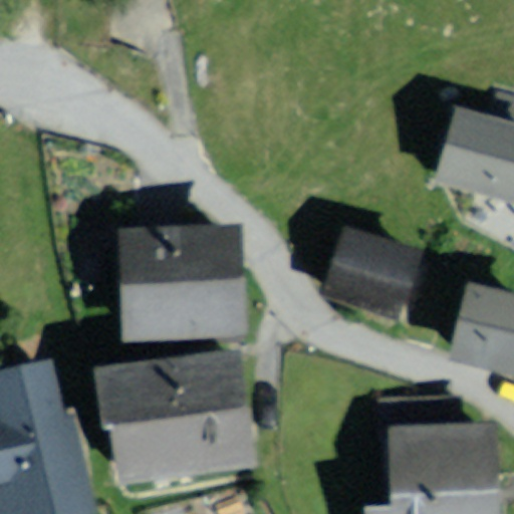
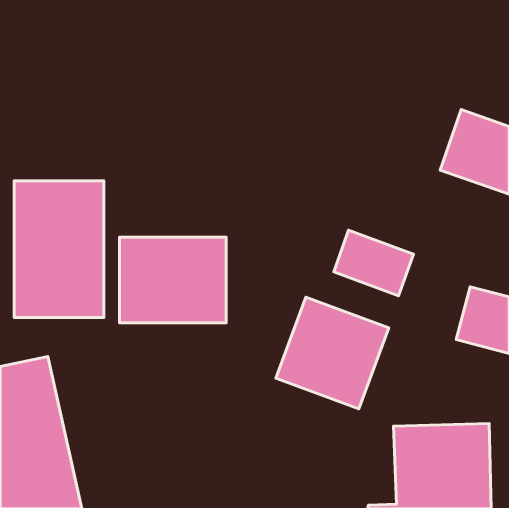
building: none -> [14,181,104,317]
building: none -> [276,297,389,409]
building: [102,353,248,479] -> none

